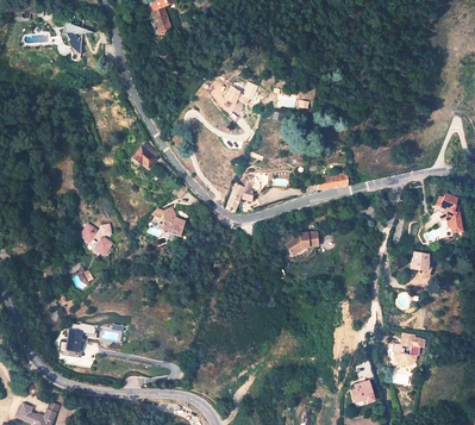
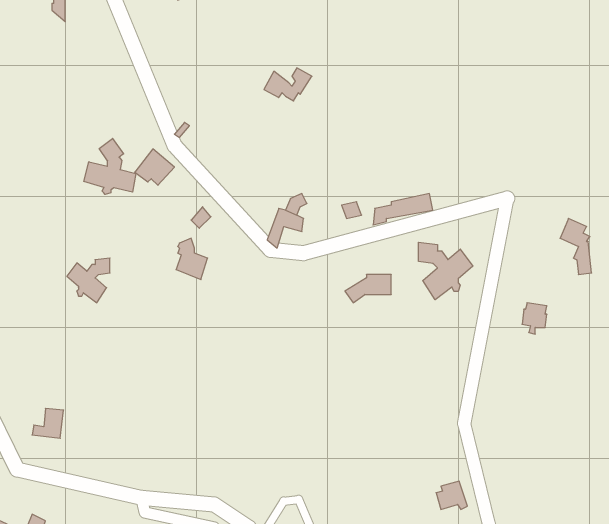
building: none -> [84,138,136,194]
building: none -> [419,242,473,300]
building: [393,335,426,368] -> none

